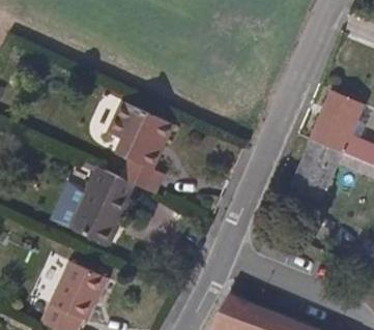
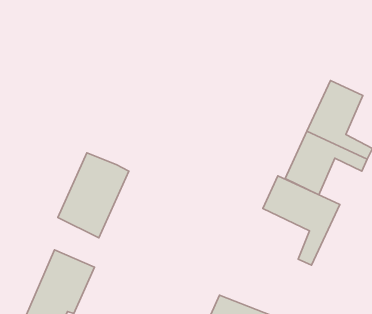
building: [112,97,176,187] -> none
building: none -> [263,176,340,265]

